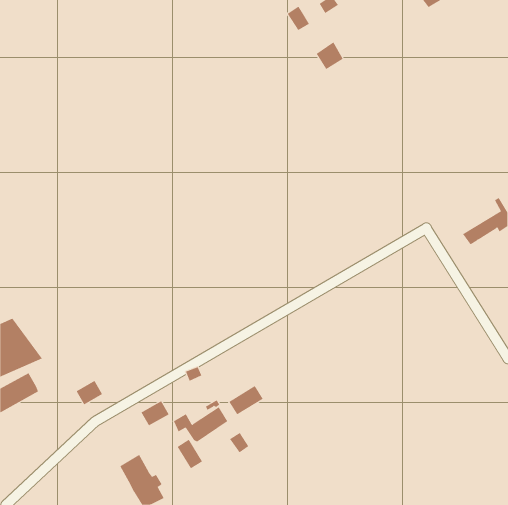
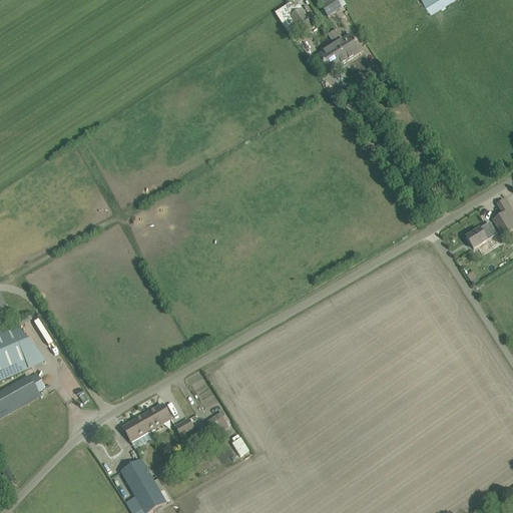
building: none -> [328,26,361,59]
building: [76,380,103,405] -> [122,415,149,440]
building: [228,385,263,415] -> none
building: [177,439,203,469] -> none

